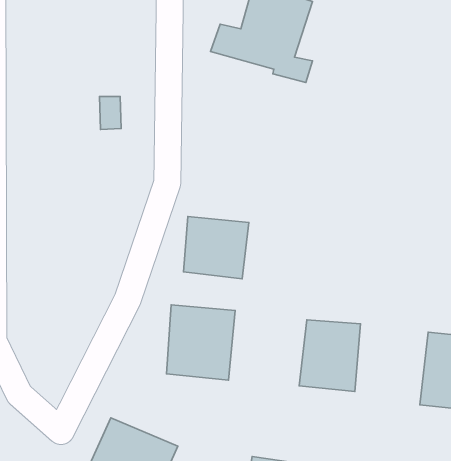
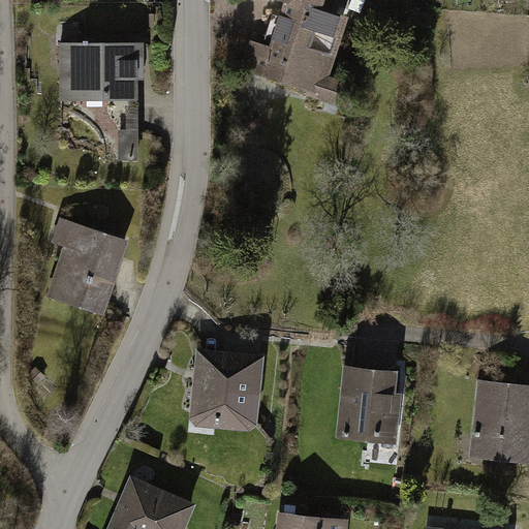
building: none -> [62,45,143,104]
building: none -> [37,221,133,320]
building: [183,217,249,279] -> none

